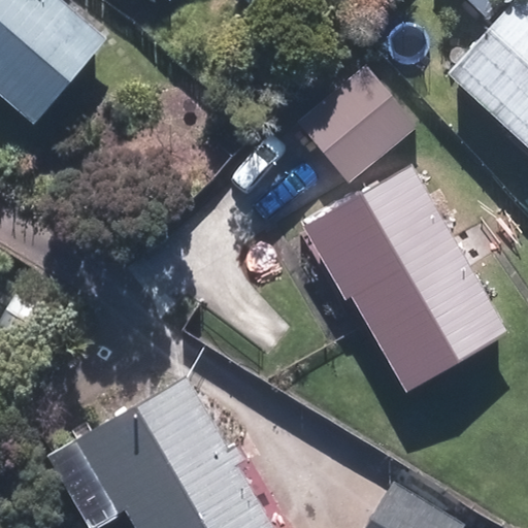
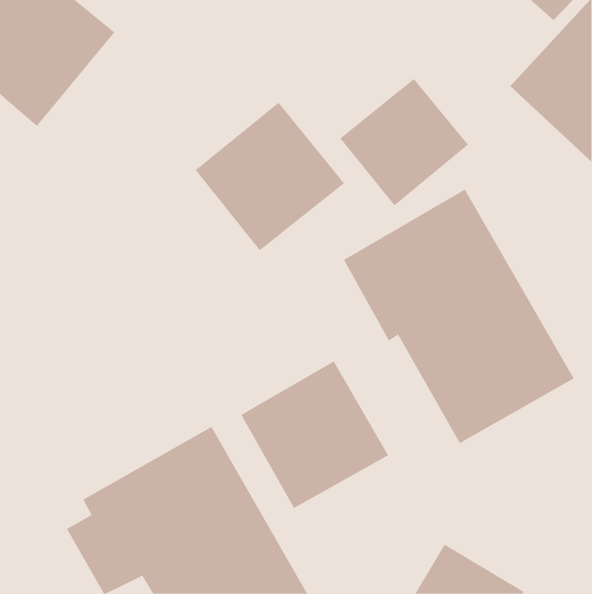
building: none -> [195,102,345,251]
building: none -> [240,360,389,509]

